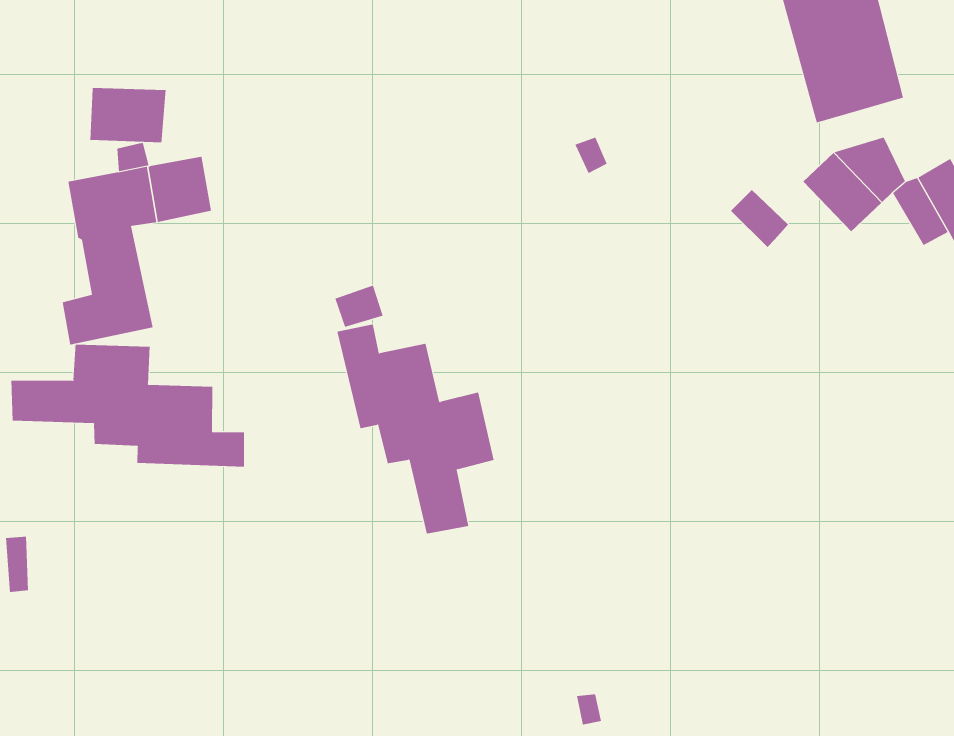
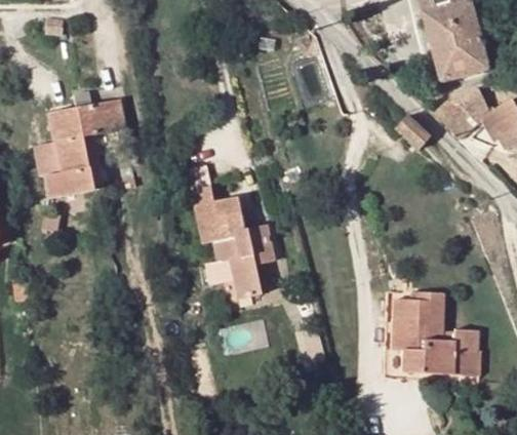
building: [90,87,166,143] -> none
building: [11,344,245,468] -> none
building: none -> [386,290,481,378]

